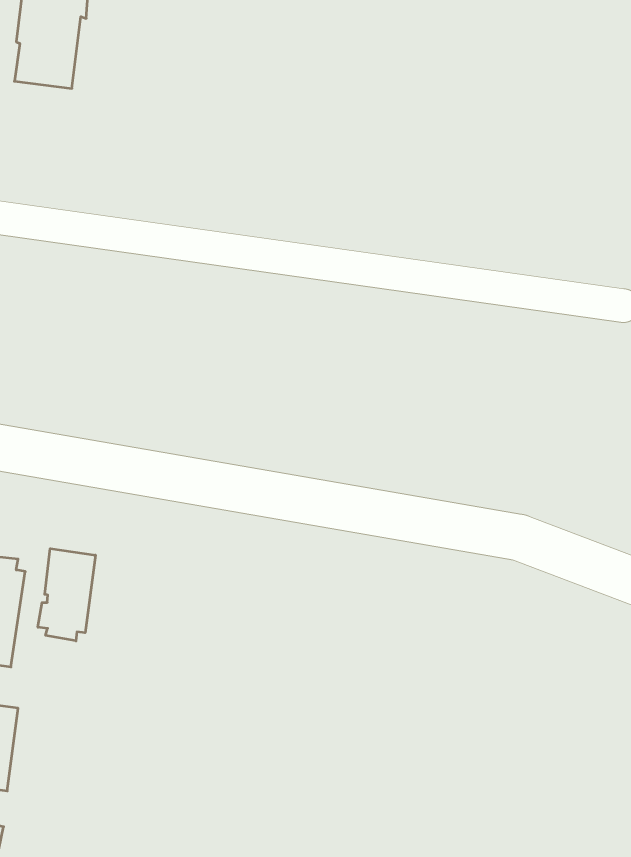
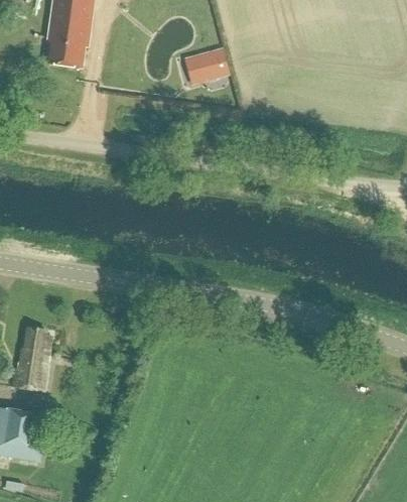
building: none -> [197,49,226,82]
building: [38,549,95,641] -> none

